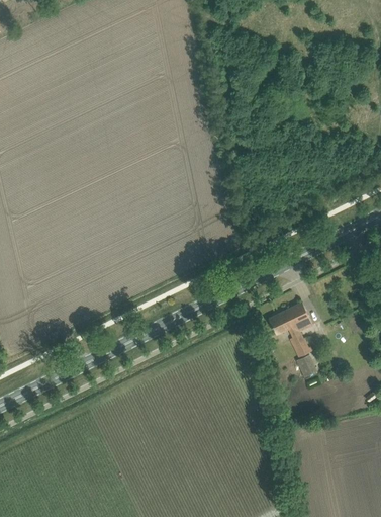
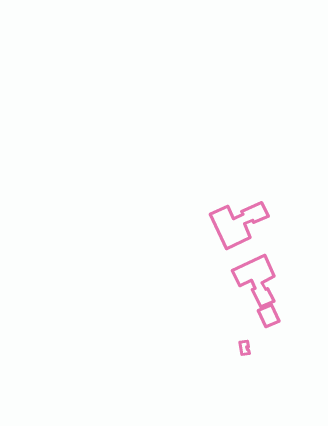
building: none -> [210,202,268,249]

